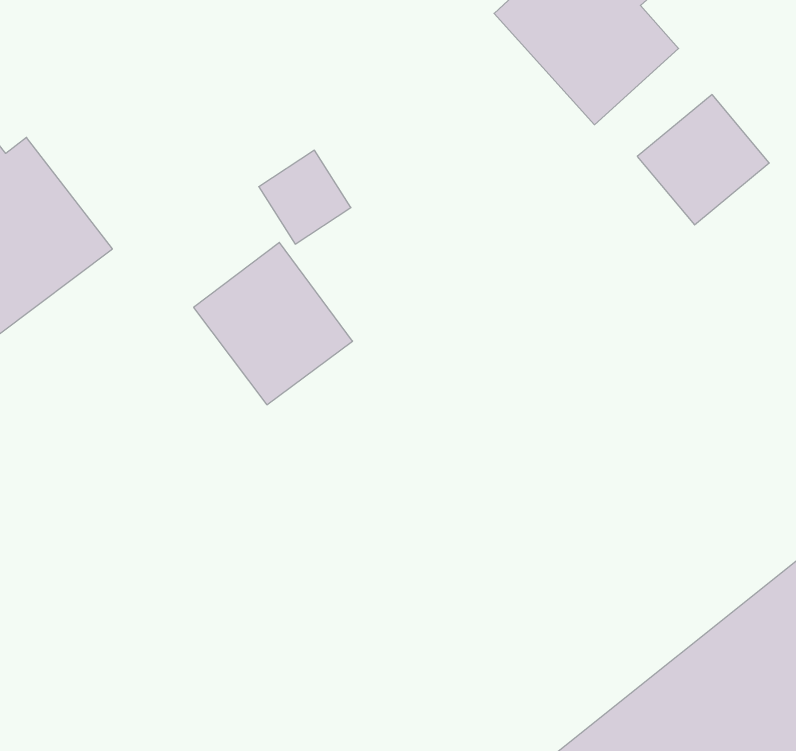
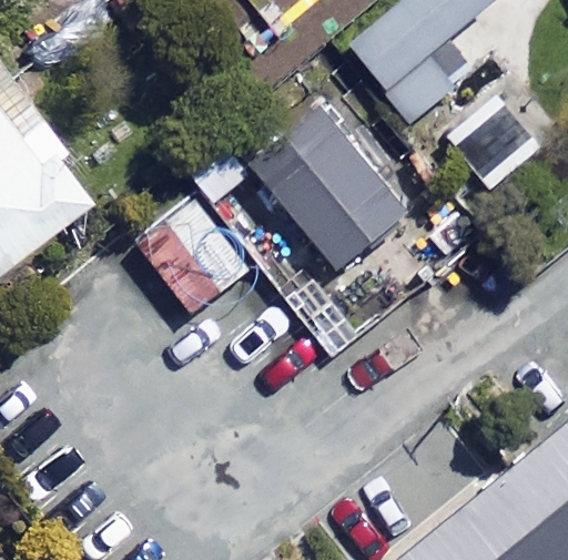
building: none -> [258,113,416,273]

